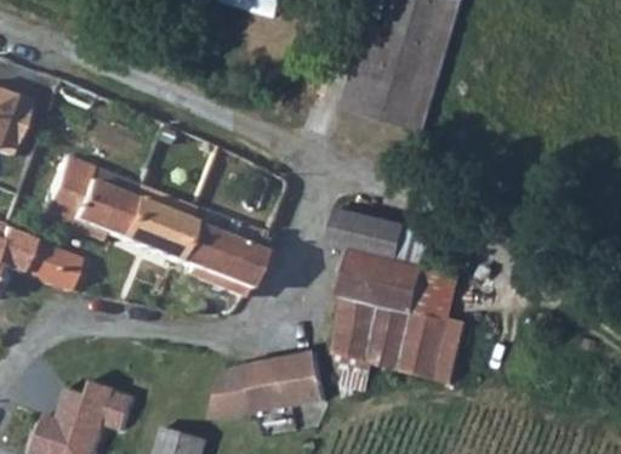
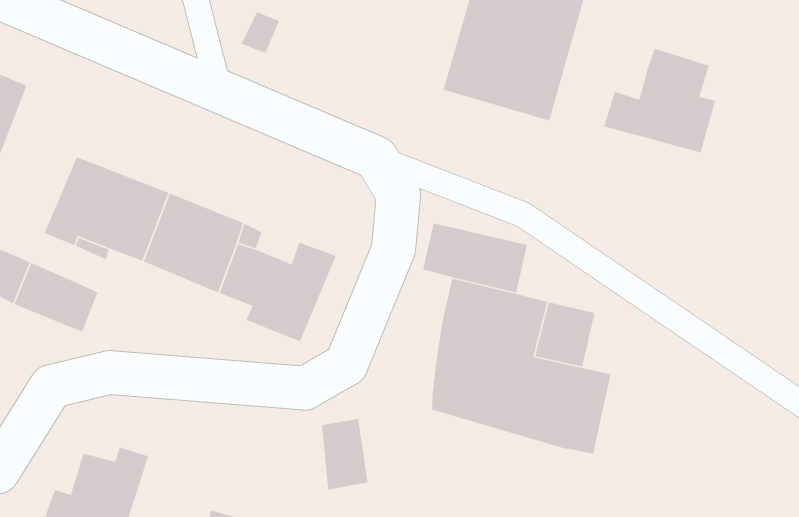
building: none -> [603,48,716,154]
building: [278,350,323,405] -> none
building: [210,361,253,418] -> none

